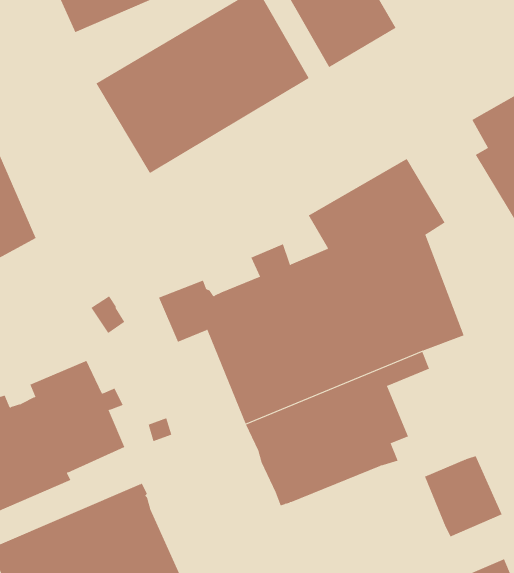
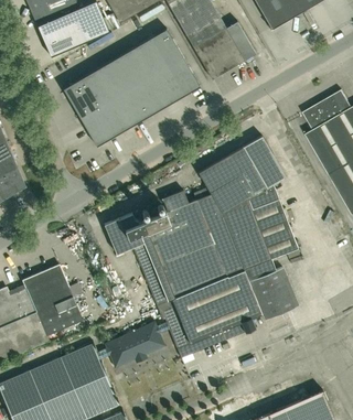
building: none -> [97,321,169,368]
building: [424,455,502,537] -> [249,268,299,320]

